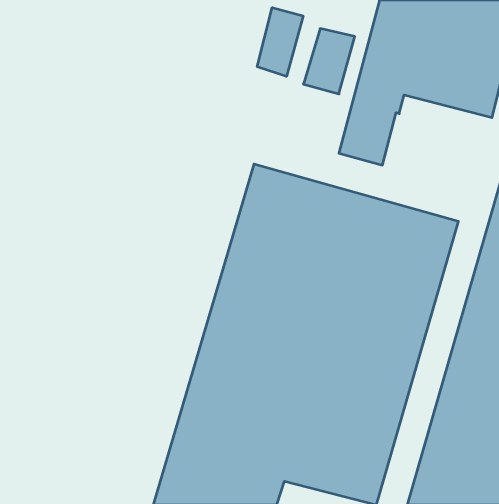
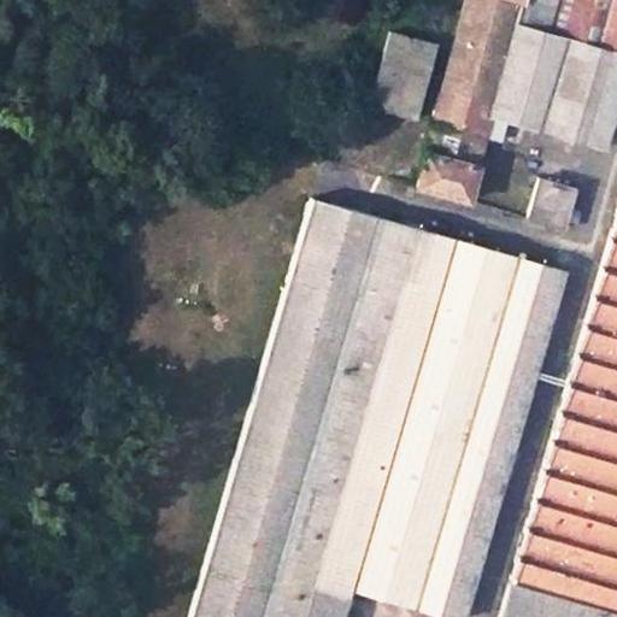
building: [257,8,303,76] -> none
building: none -> [533,180,577,227]

